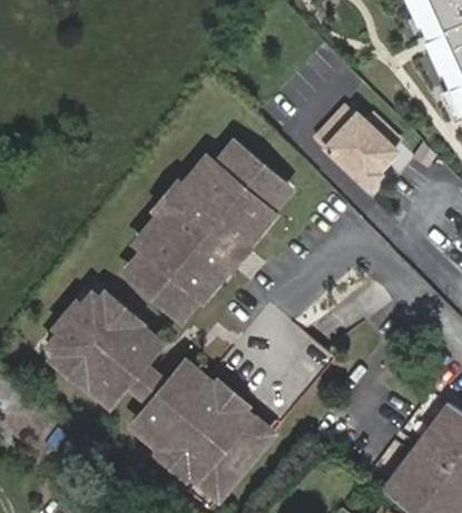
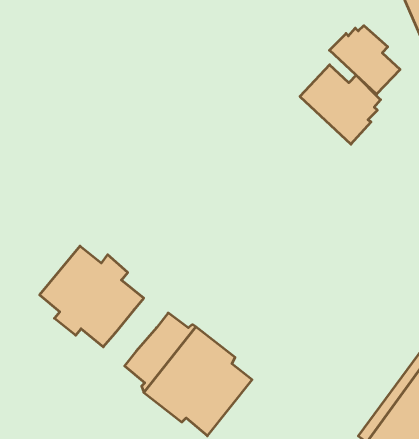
building: none -> [329,26,400,94]
building: [128,142,284,314] -> none
building: [124,362,167,405] -> none

